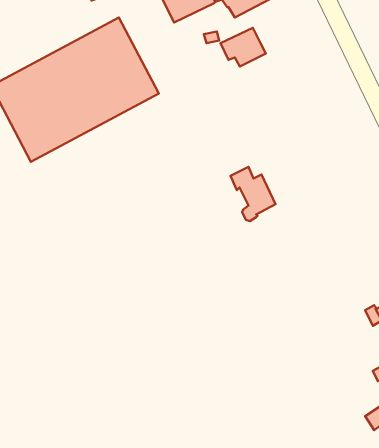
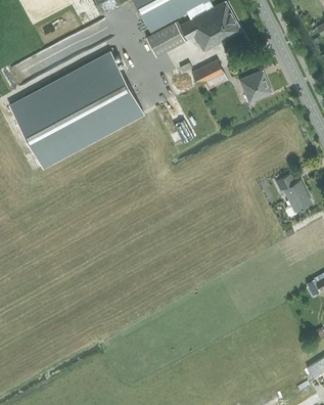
building: none -> [240,71,272,103]
building: [230,167,276,221] -> [276,174,312,217]

